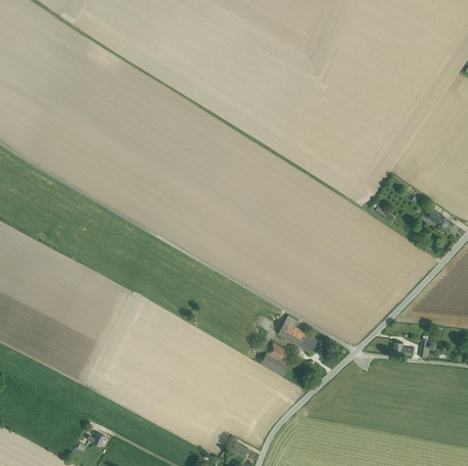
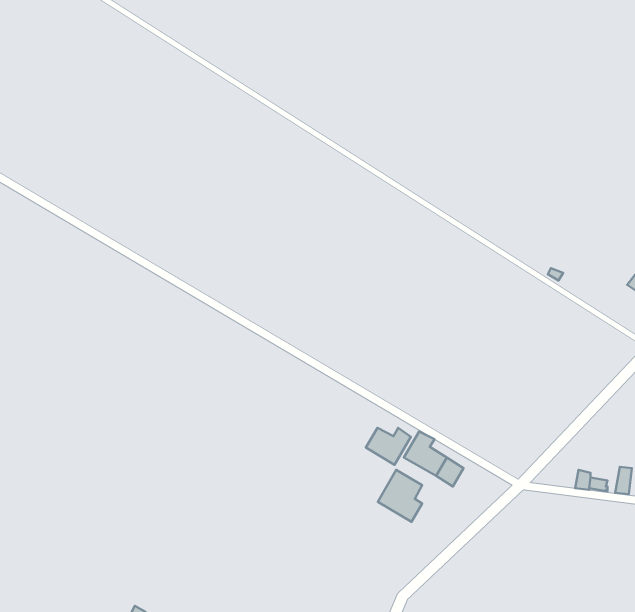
building: none -> [366,428,411,465]

